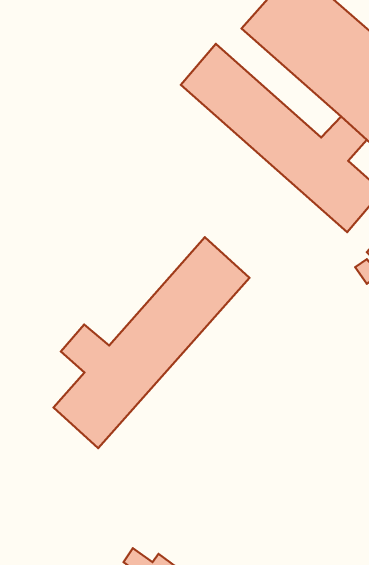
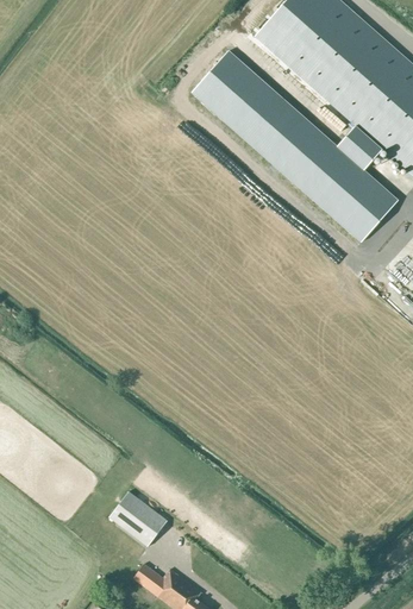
building: [54,237,249,448] -> none
building: none -> [112,492,168,545]

